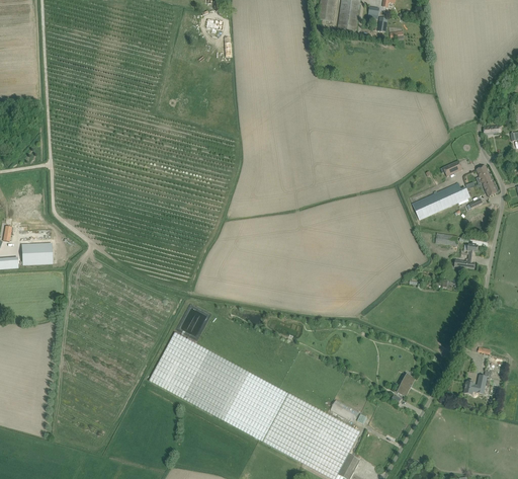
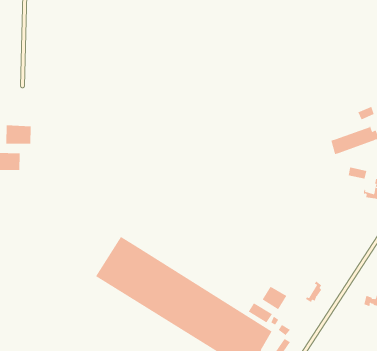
building: none -> [6,125,31,144]
building: none -> [262,286,287,310]

